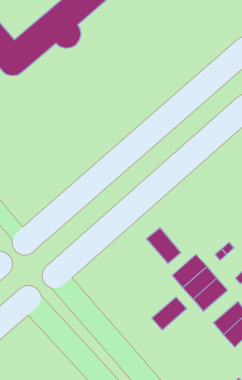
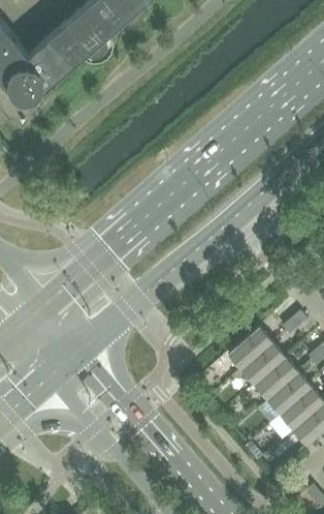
building: [146,228,181,264] -> none
building: [152,297,187,330] -> [267,372,312,414]

